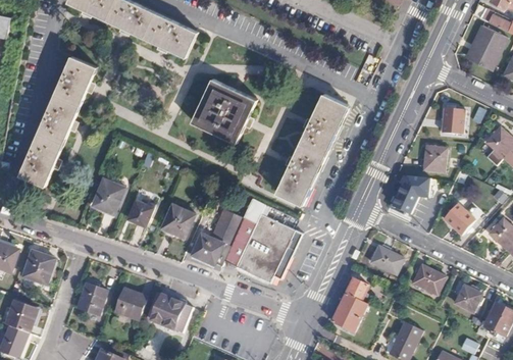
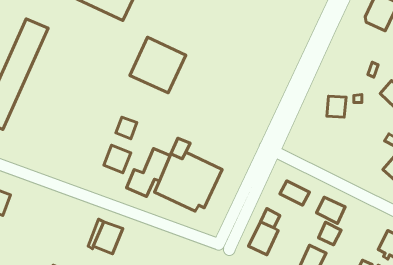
building: [275,91,349,203] -> none
building: [442,110,466,135] -> none
building: [387,176,432,222] -> none
building: [95,178,125,213] -> none
building: [130,201,154,226] -> [116,117,137,139]
building: [444,204,475,236] -> none
building: [78,286,105,317] -> none
building: [455,286,481,312] -> [319,222,341,245]
building: [116,287,148,319] -> none

